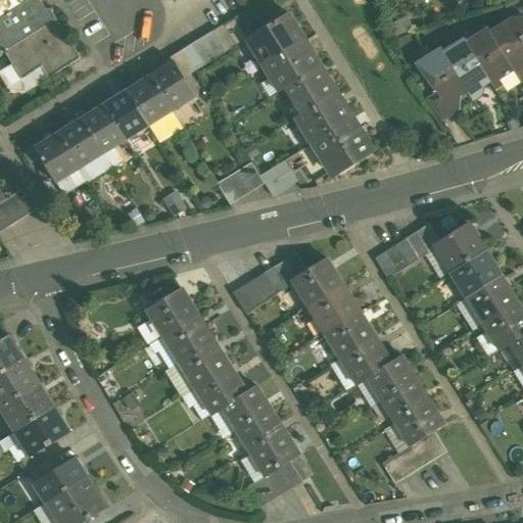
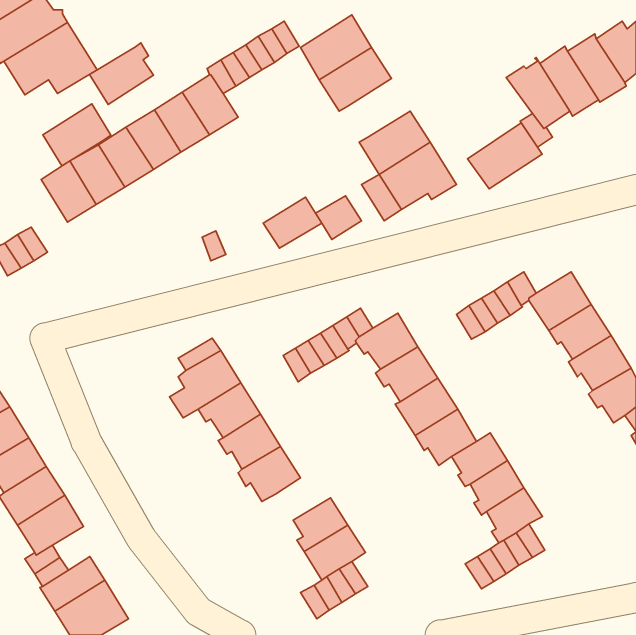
building: none -> [90,43,153,105]
building: [285,64,336,112] -> none
building: none -> [43,104,111,166]
building: none -> [467,123,542,189]
building: [226,385,271,429] -> none

